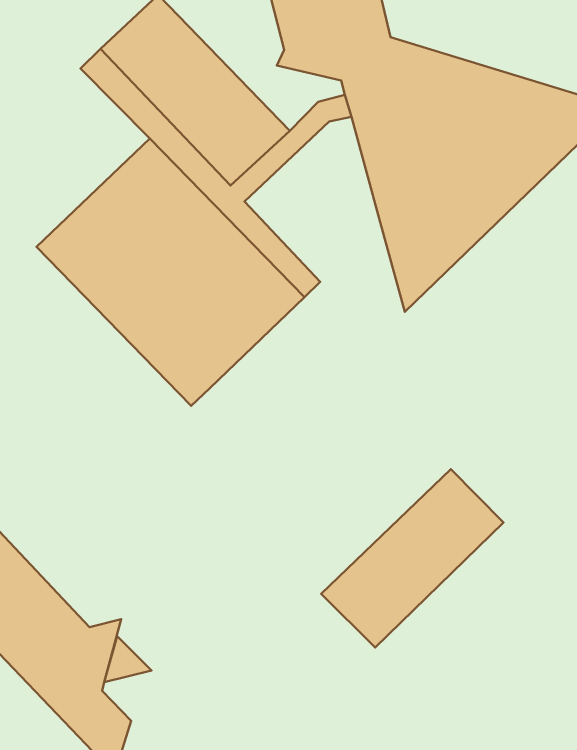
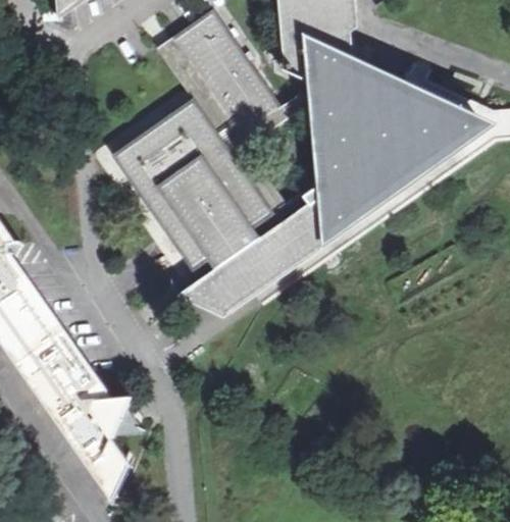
building: none -> [183,173,336,315]
building: [321,469,503,647] -> none

